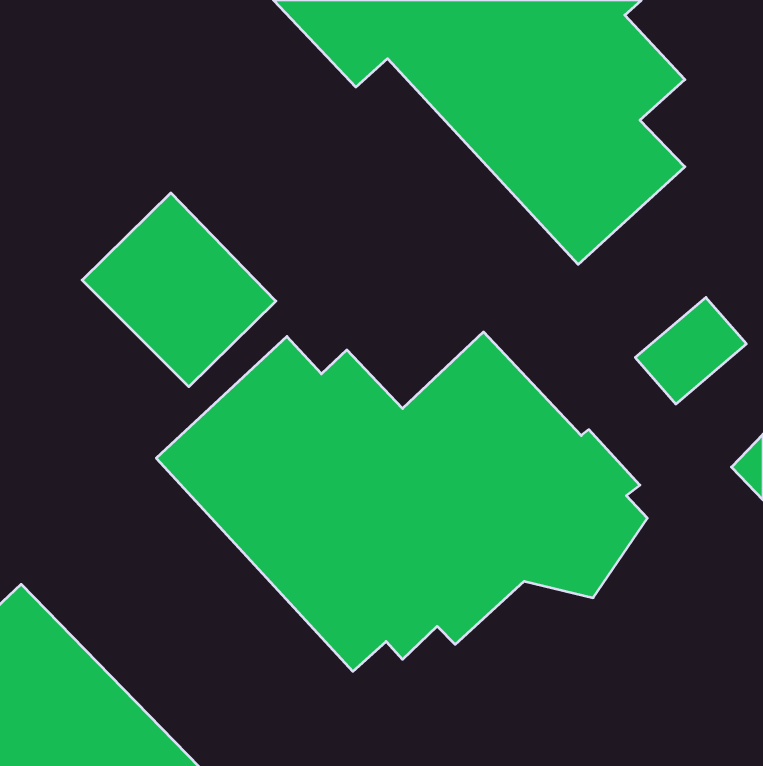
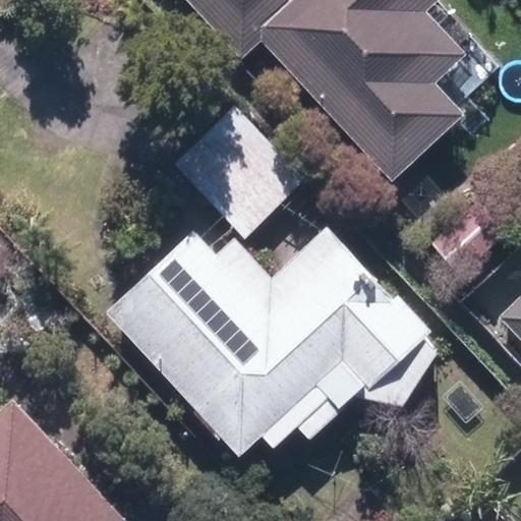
building: [82,193,276,387] -> [172,105,303,236]

